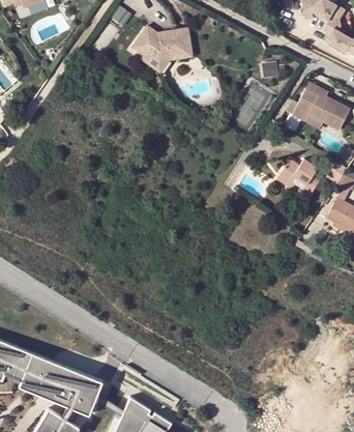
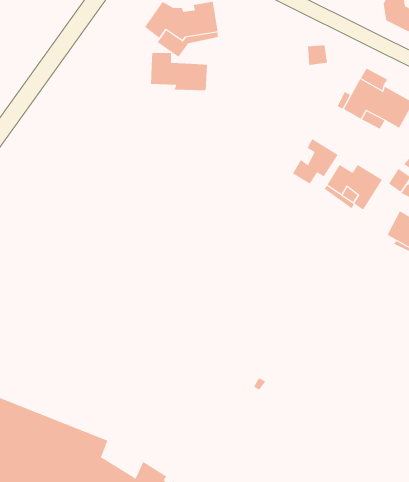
building: none -> [150,52,207,91]
building: none -> [292,138,339,185]

